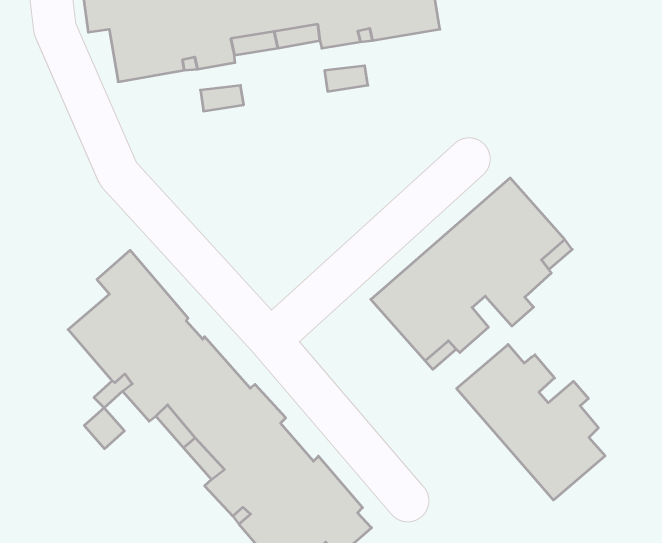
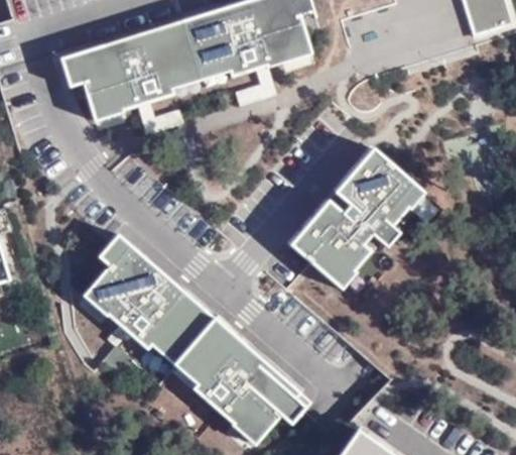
building: [457,344,605,500] -> none

